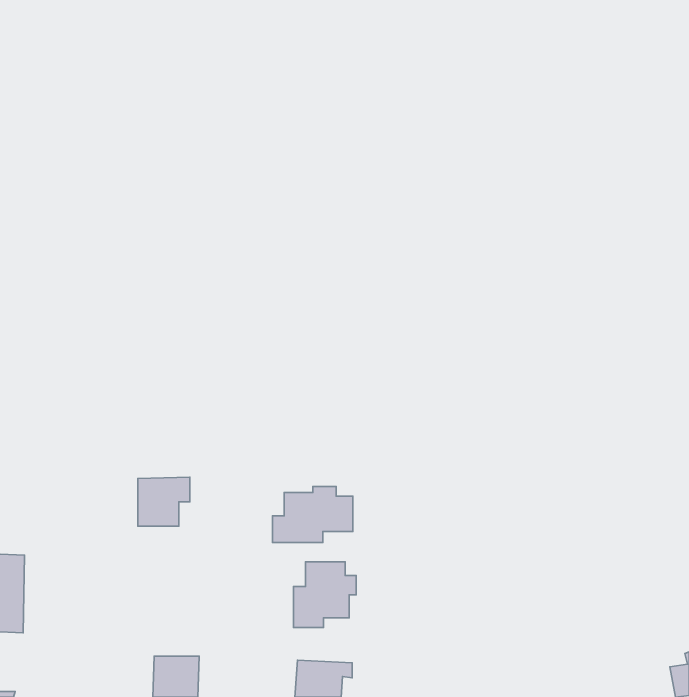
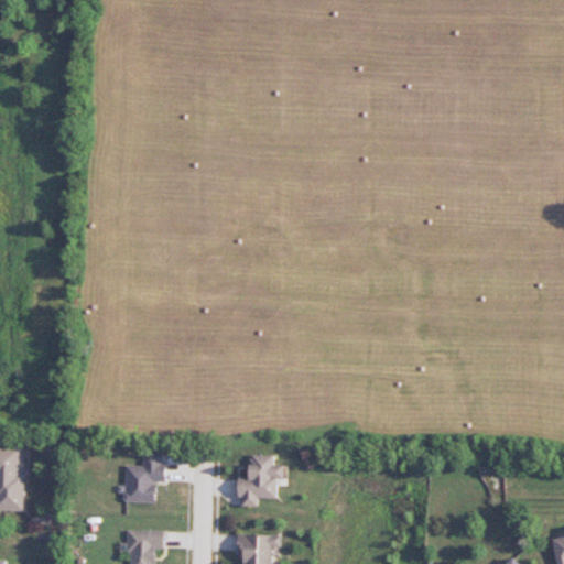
building: [138,477,190,526] -> [122,462,164,501]
building: [272,487,353,542] -> none

